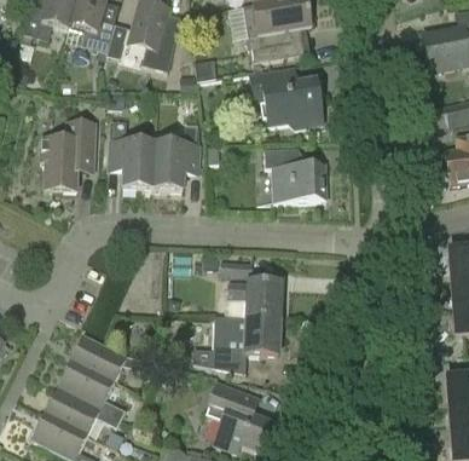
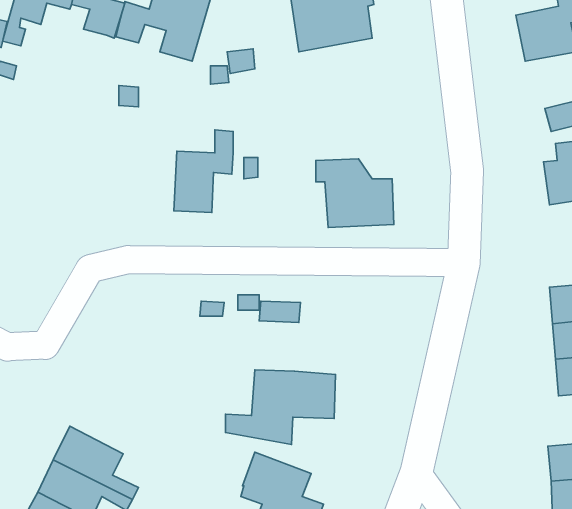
building: [250,64,323,127] -> none
building: [41,121,94,190] -> none
building: [110,121,155,189] -> none
building: [228,280,282,318] -> none
building: [70,333,150,381] -> none

